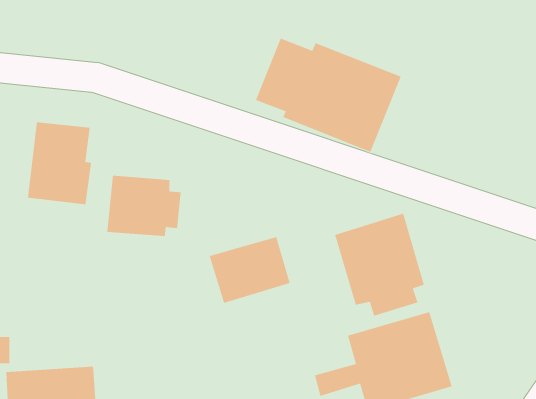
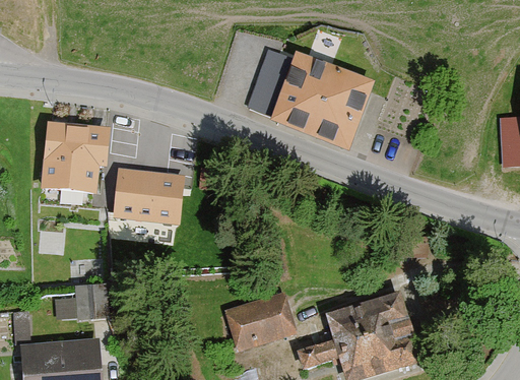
building: [335,213,425,316] -> none
building: [209,237,291,304] -> [222,292,296,352]
building: none -> [54,287,106,318]

